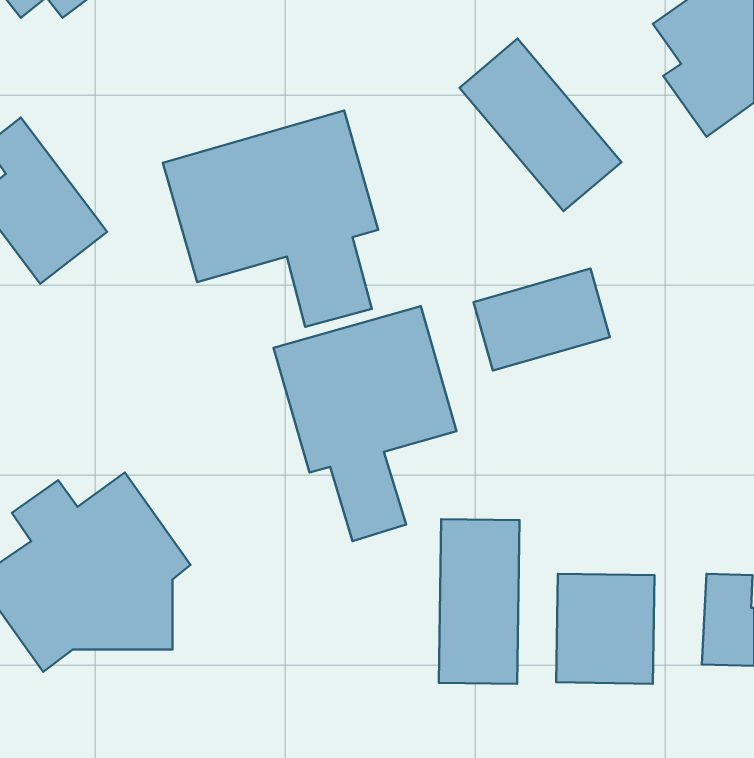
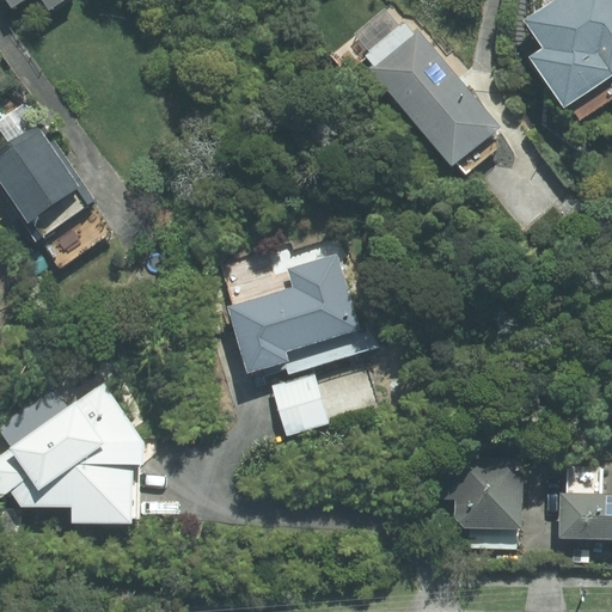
building: [163,111,378,327] -> none
building: [473,269,610,371] -> none
building: [439,519,519,684] -> none

